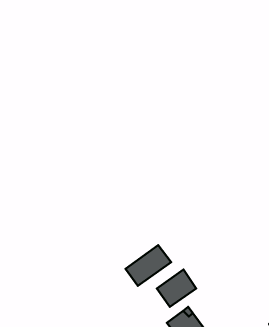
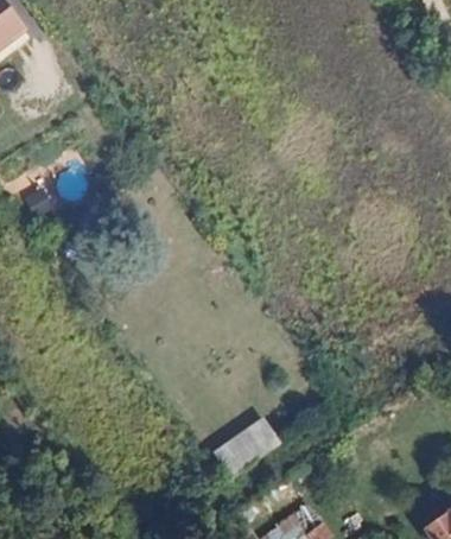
building: [157,270,196,307] -> none

